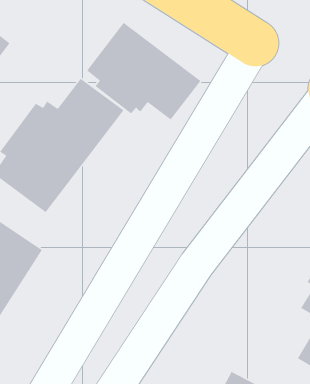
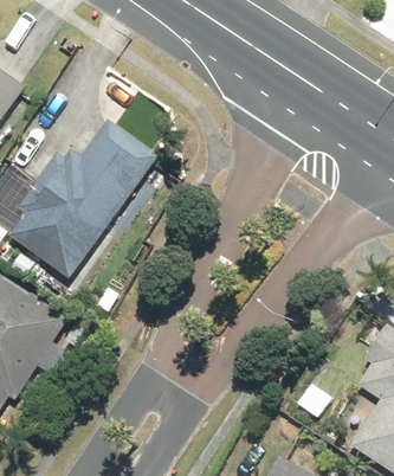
building: [86,22,202,121] -> none

